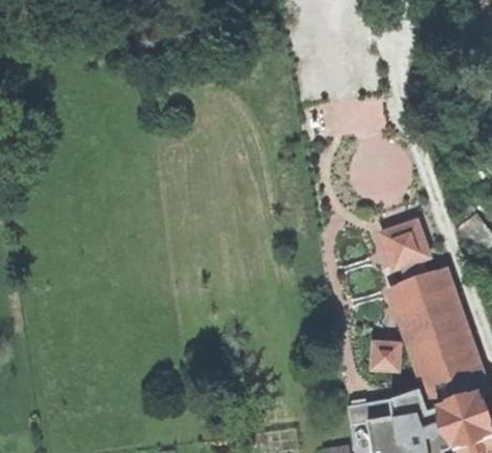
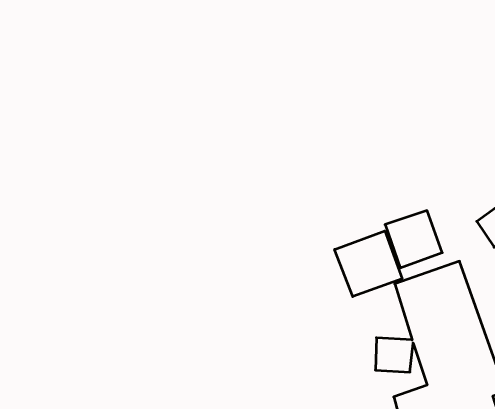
building: none -> [335,231,402,297]

